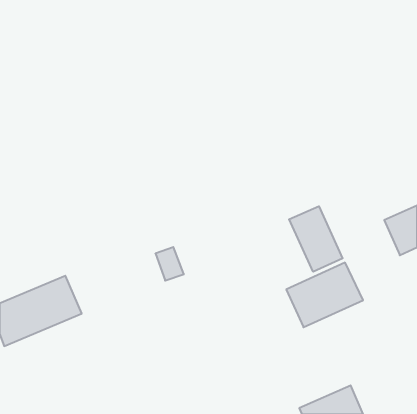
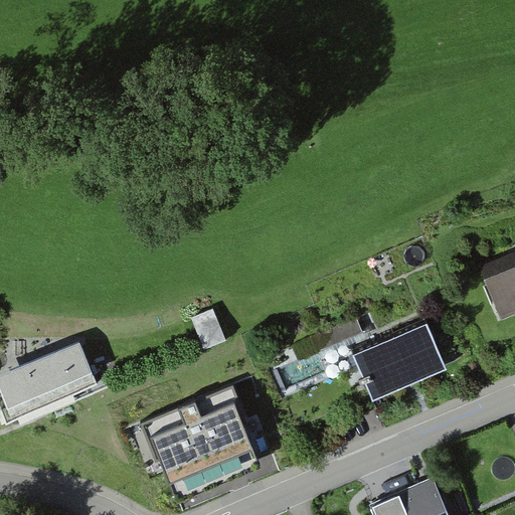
building: [289,206,343,272] -> none
building: none -> [143,385,265,501]

